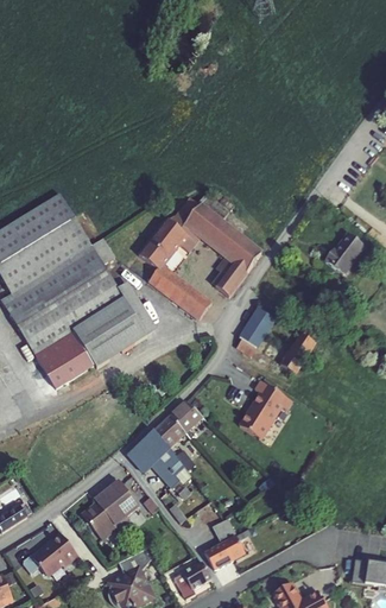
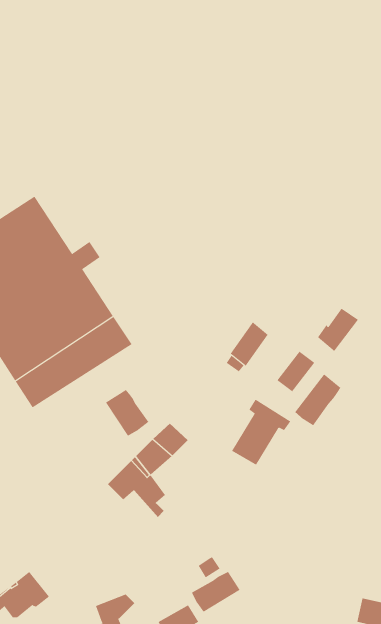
building: [138,184,260,318] -> none
building: [329,232,366,271] -> [317,308,359,352]
building: none -> [295,374,341,426]
building: none -> [105,389,149,436]
building: [81,482,137,540] -> none

